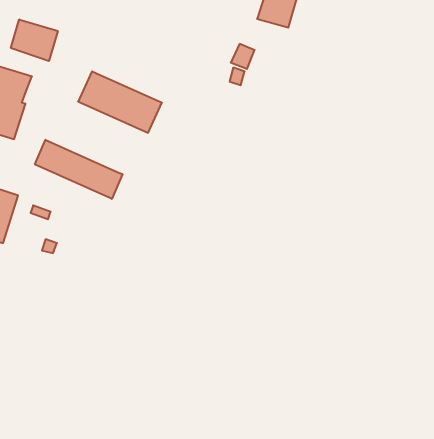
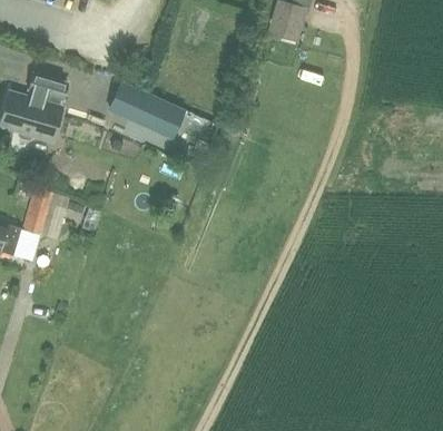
building: [11,19,58,61] -> none
building: [35,140,122,199] -> none

